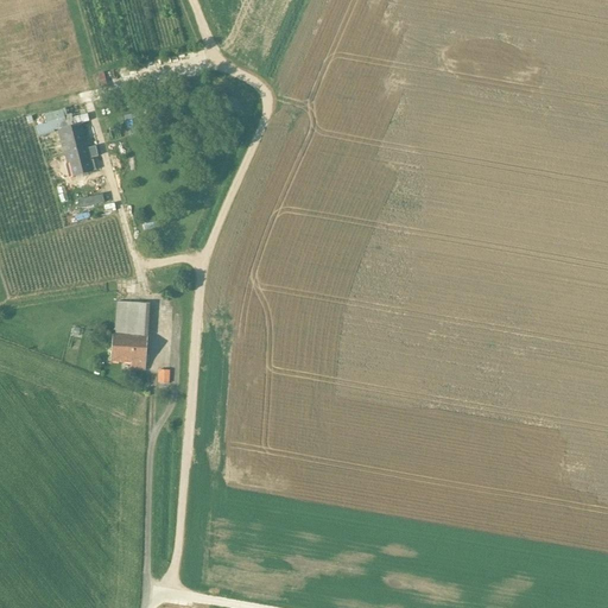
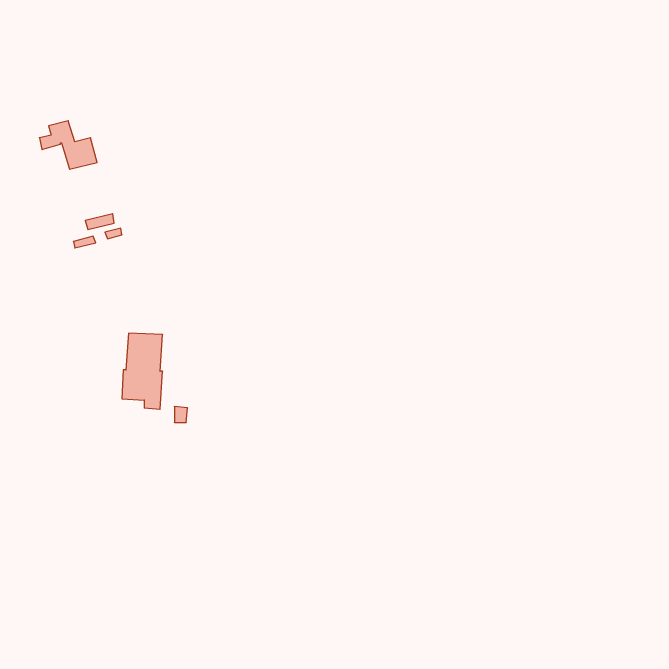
building: [56,146,99,177] -> none

